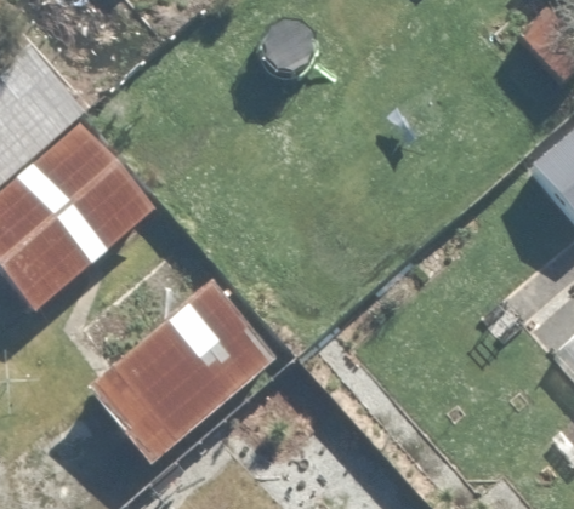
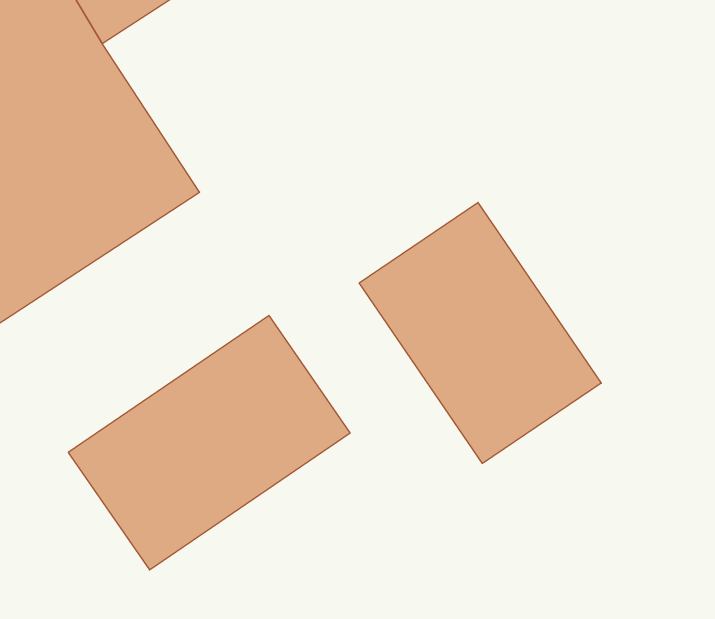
building: none -> [359,202,601,463]

